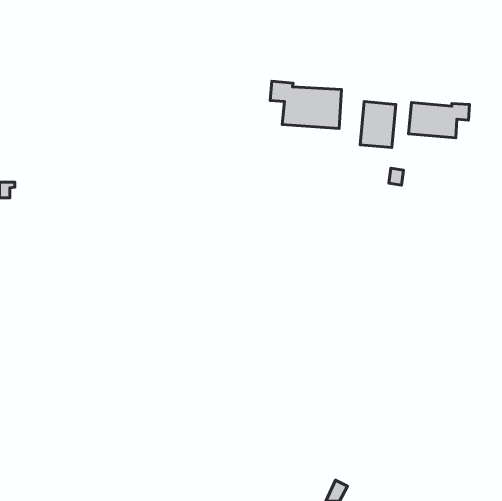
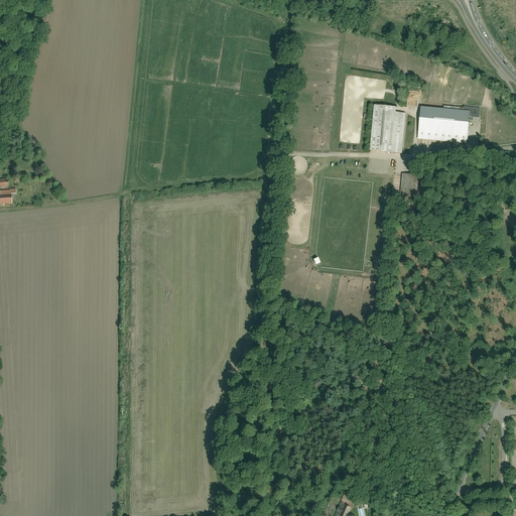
building: [270,81,342,128] -> none

